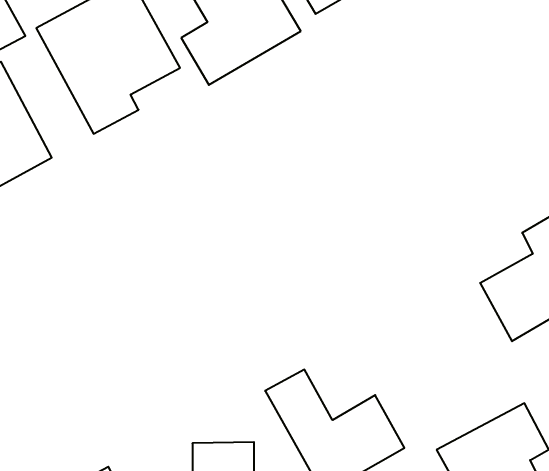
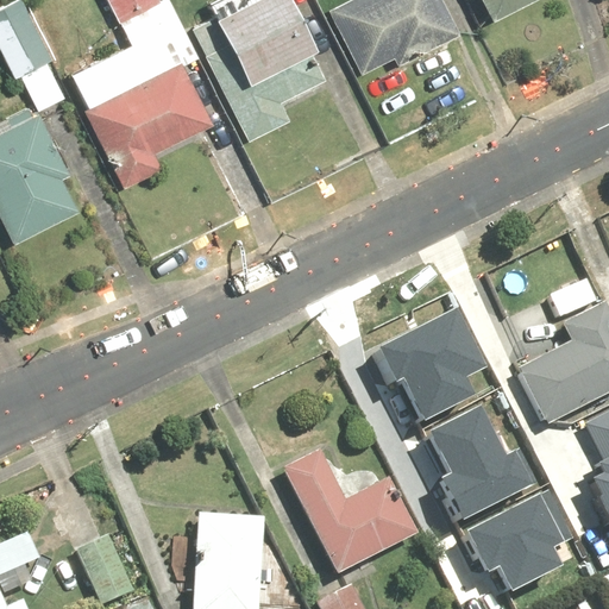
building: none -> [369,320,476,427]
building: none -> [413,416,530,520]

